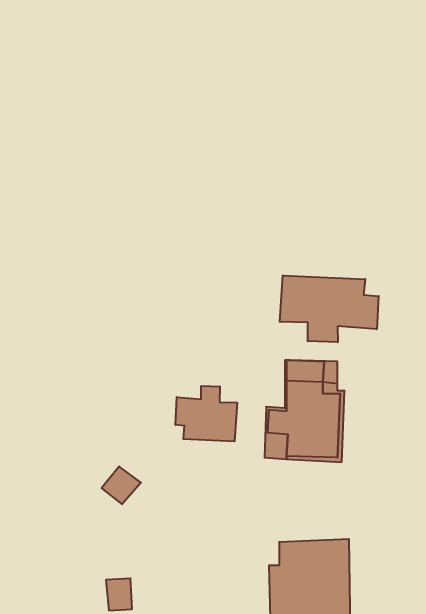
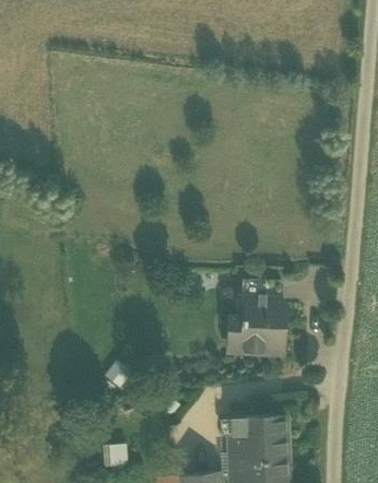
building: [280,275,379,342] -> none
building: [175,386,237,441] -> none

